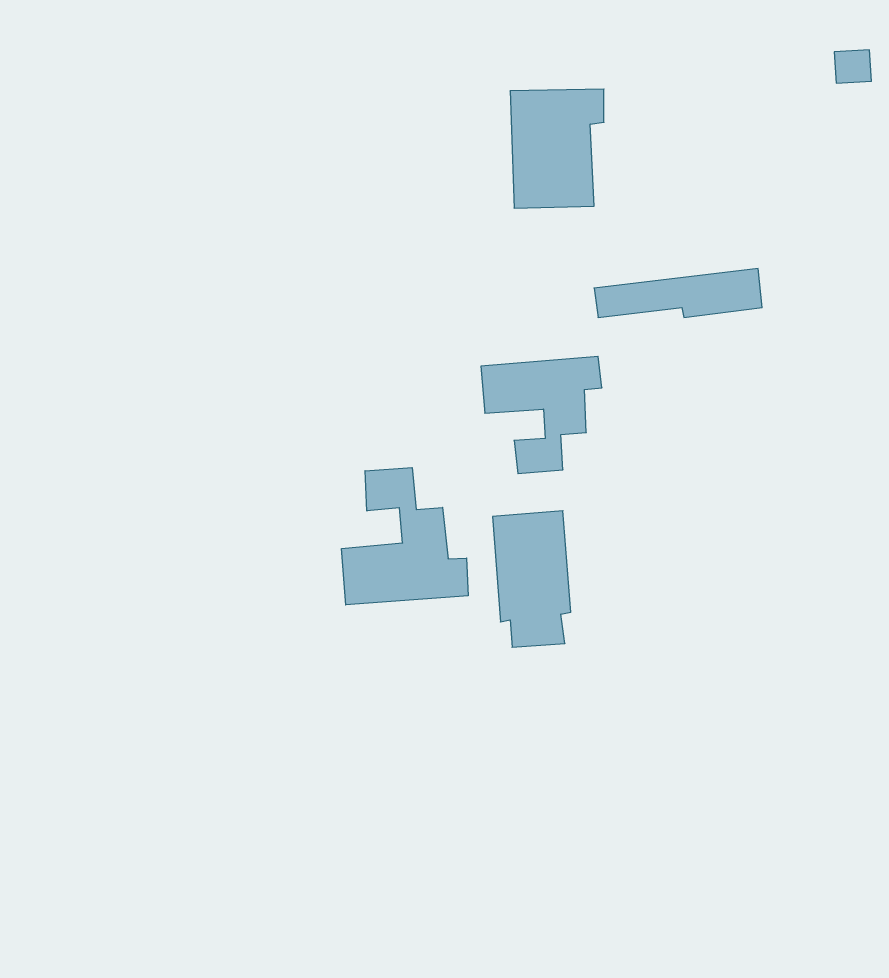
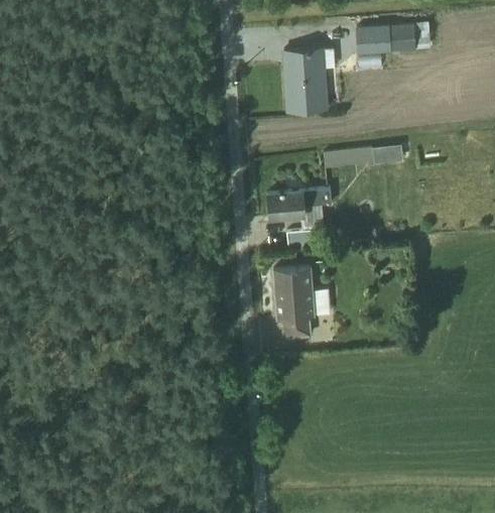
building: none -> [354,22,439,52]
building: [342,468,468,605] -> none

